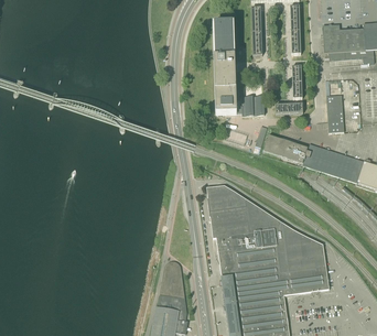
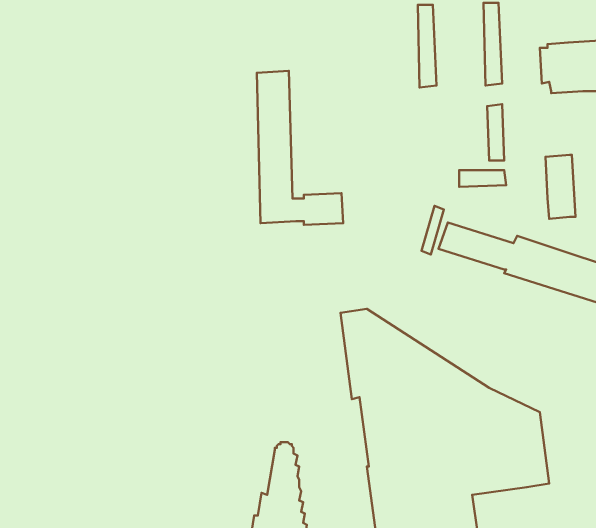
building: [214,24,265,115] -> [257,71,343,225]

